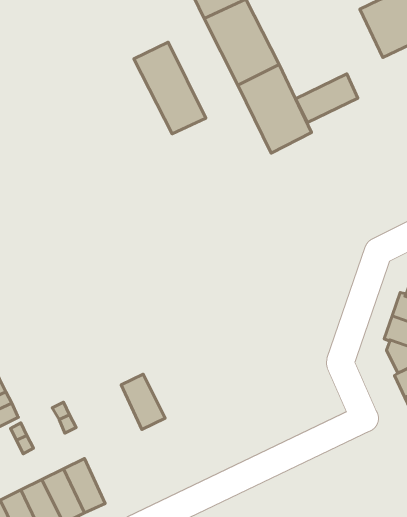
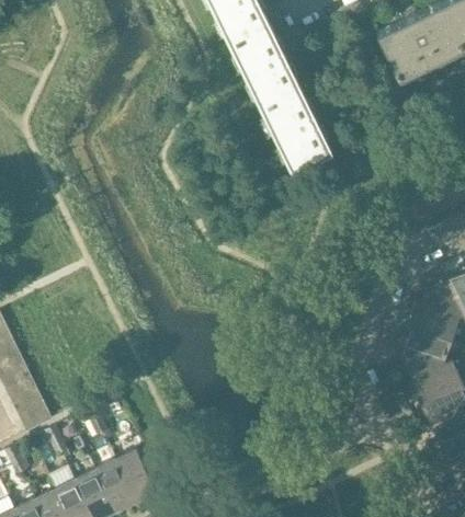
building: [134,42,206,134] -> none
building: [296,74,358,122] -> none
building: [121,374,165,430] -> [114,450,156,503]

